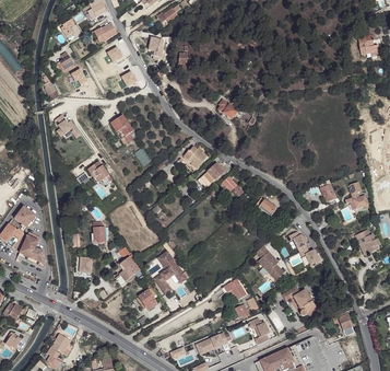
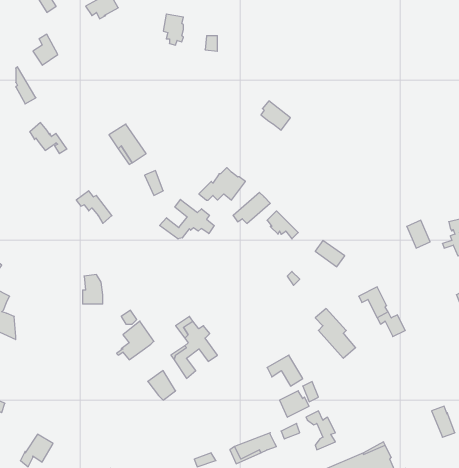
building: none -> [160,199,214,239]
building: [282,286,316,315] -> none

